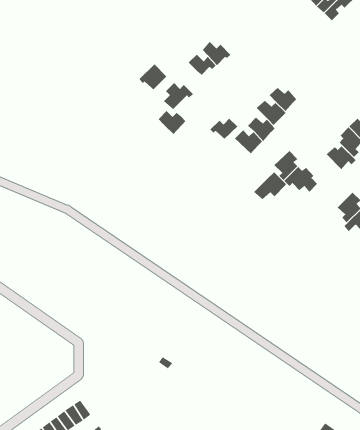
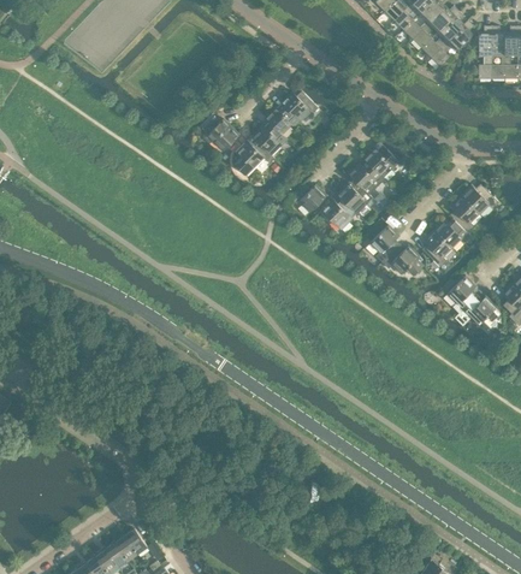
building: [158,110,186,135] -> [253,126,288,156]
building: none -> [422,230,452,267]
building: [253,171,287,200] -> none

